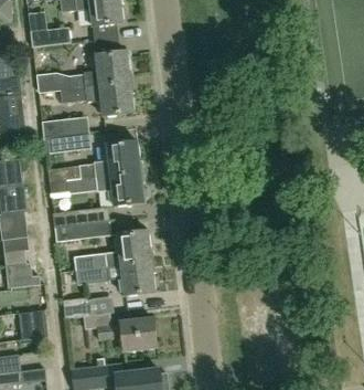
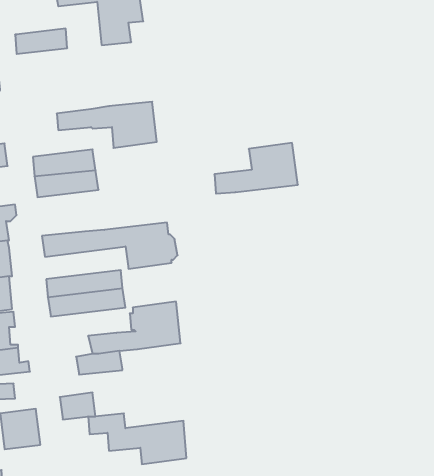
building: [35,38,130,93] -> none
building: [79,140,141,178] -> [214,143,298,194]
building: [119,261,156,295] -> none

